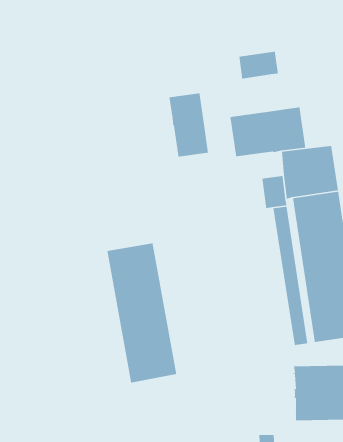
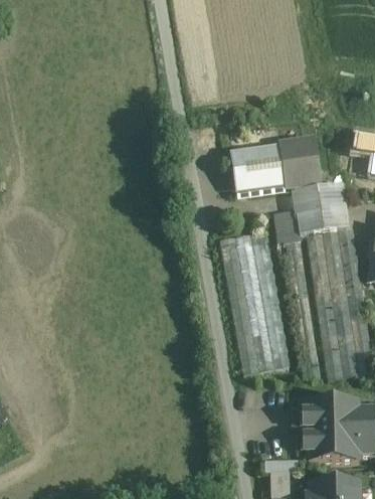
building: [238,51,279,79] -> none
building: [168,93,209,157] -> none
building: [107,243,177,384] -> [218,230,290,373]

